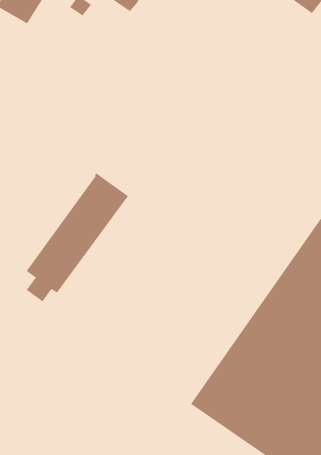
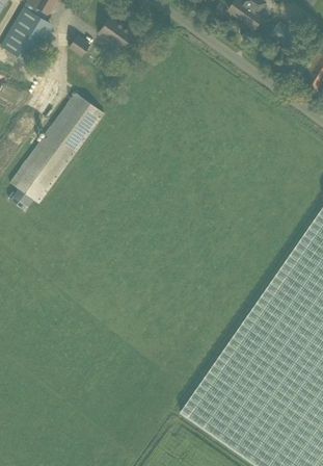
building: [26,172,129,302] -> [9,92,104,211]

